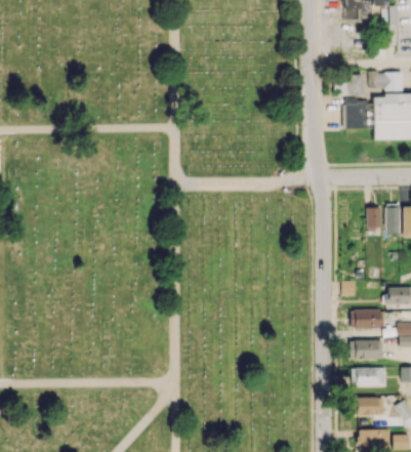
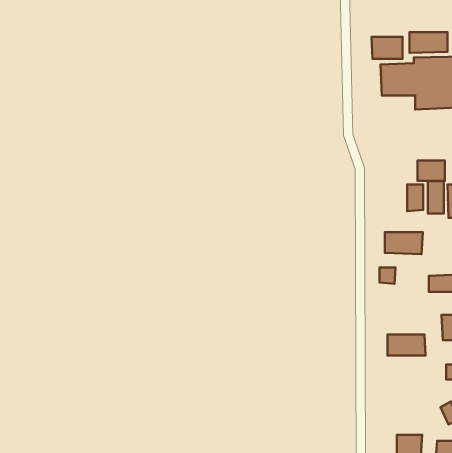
building: none -> [418,161,445,181]
building: [351,310,384,329] -> [385,232,423,254]
building: [352,368,386,385] -> none
building: [356,397,384,415] -> none

